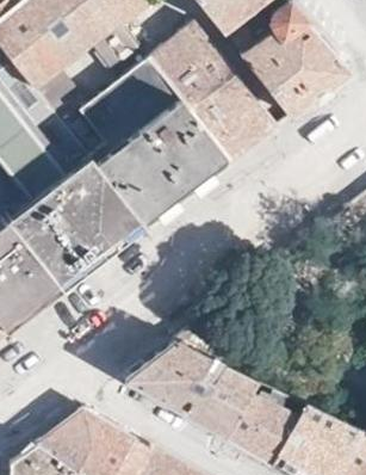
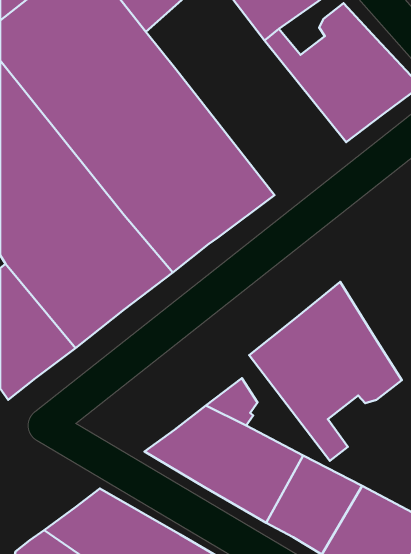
building: [149,21,278,164] -> none
building: none -> [249,282,402,461]

